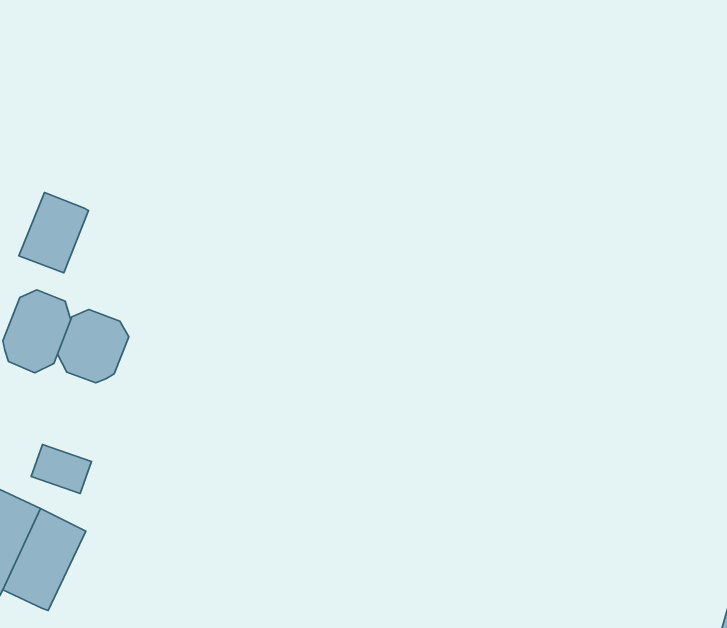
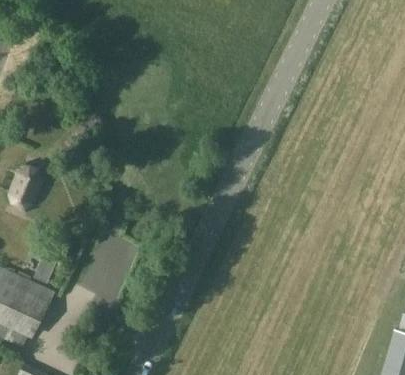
building: [19,193,88,273] -> none
building: [57,309,129,383] -> none

